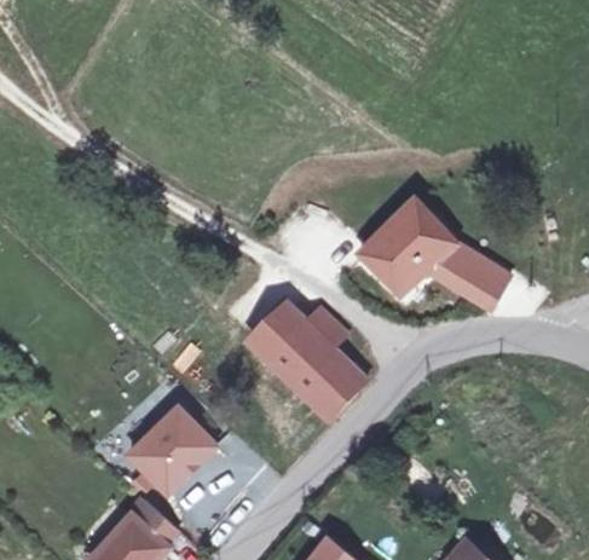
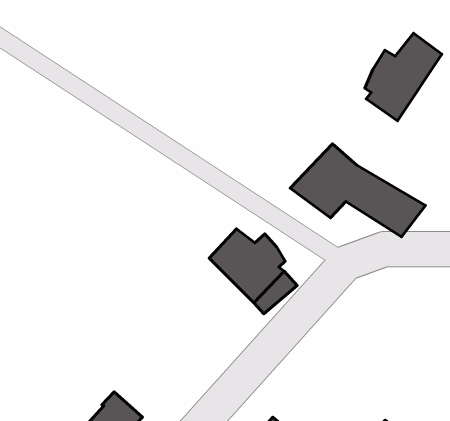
building: none -> [365,33,442,121]
building: [126,408,213,493] -> none

